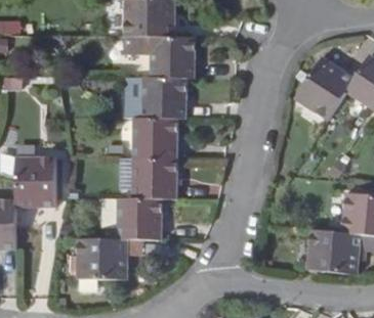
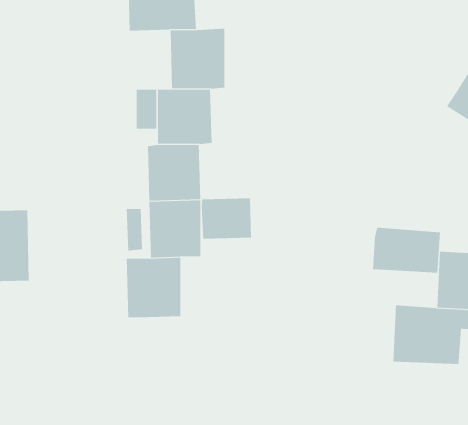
building: [299,52,359,117] -> none
building: none -> [201,198,251,240]
building: none -> [373,227,440,274]
building: [79,239,128,281] -> none

